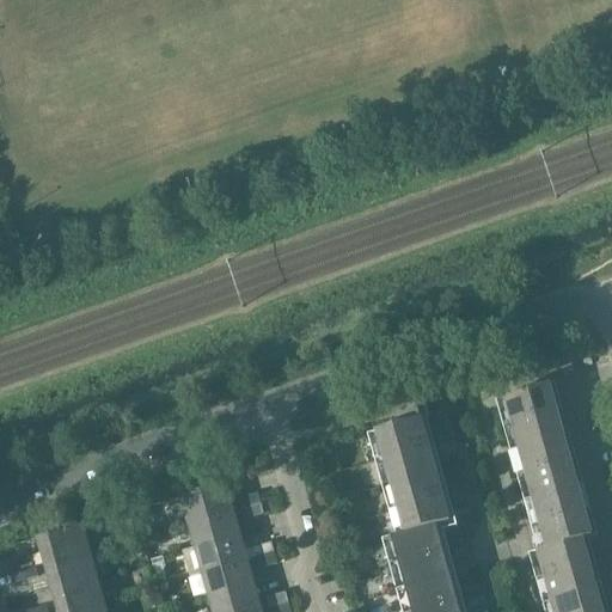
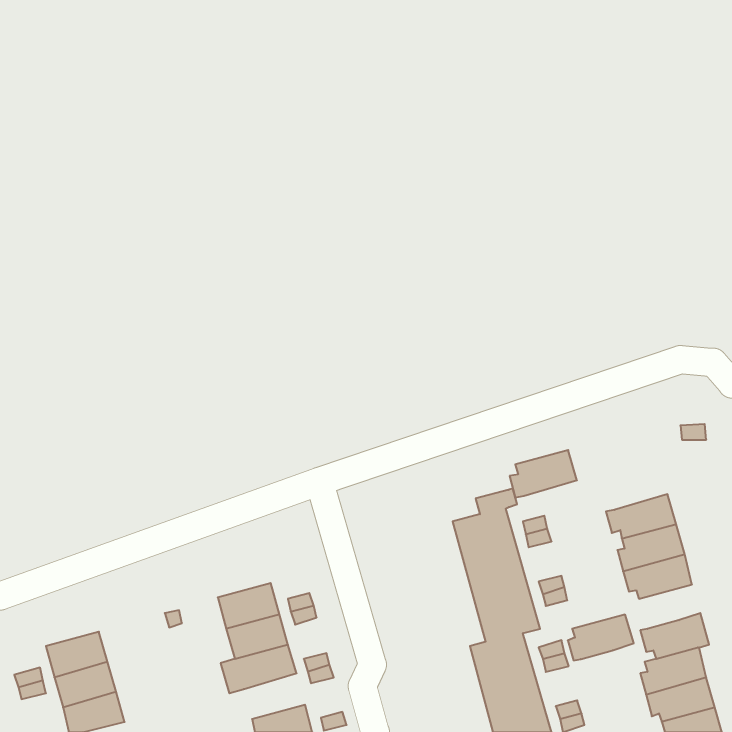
building: [501,387,557,427] -> [510,450,577,497]
building: [530,488,585,526] -> [568,615,634,660]
building: [203,562,255,600] -> none

